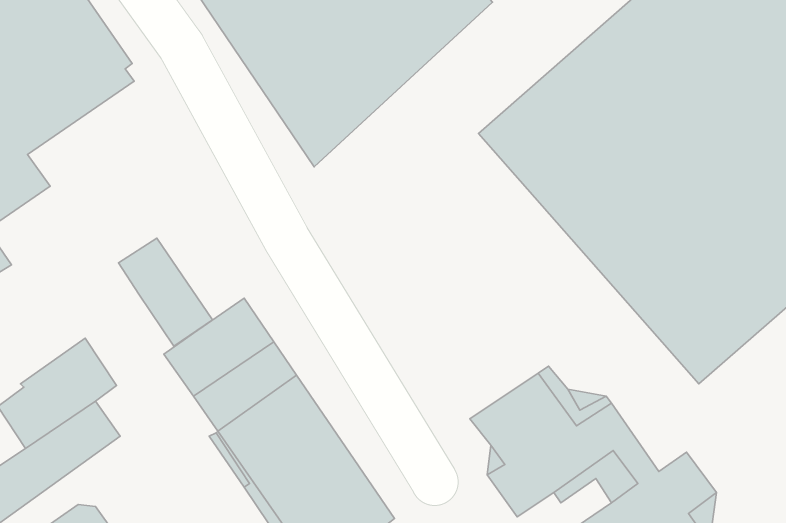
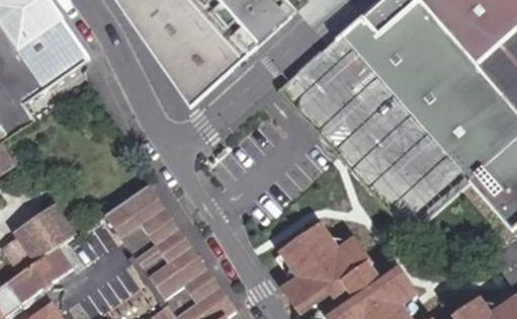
building: [119,238,213,346] -> none

